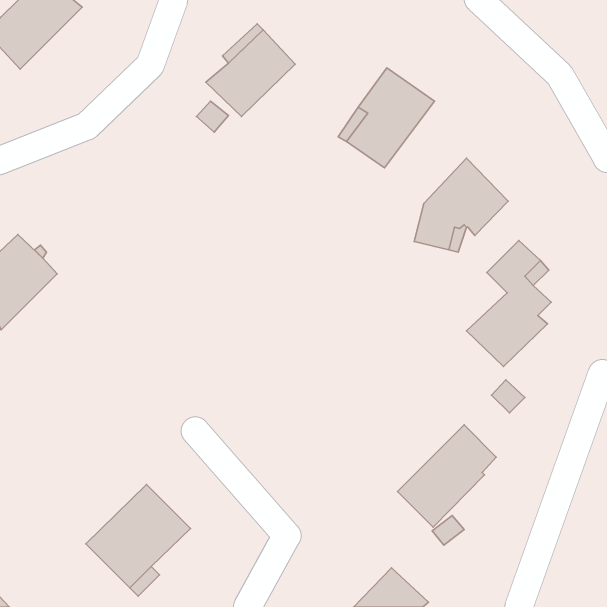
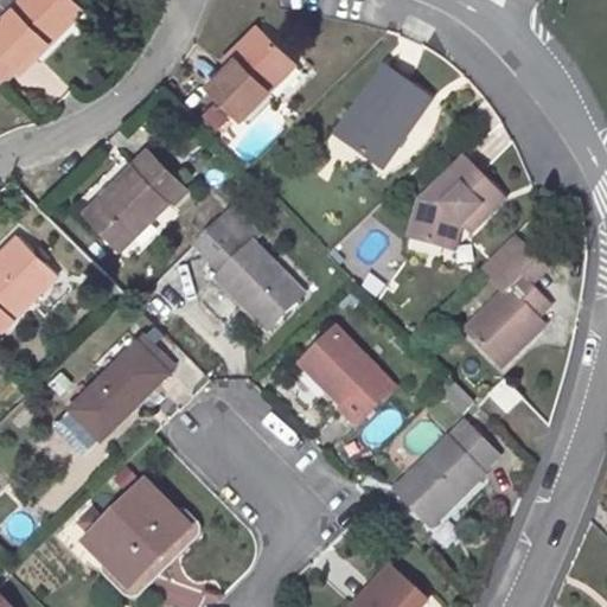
building: none -> [87,149,186,245]
building: none -> [196,222,302,328]
building: none -> [301,326,391,422]
building: none -> [69,337,168,439]

